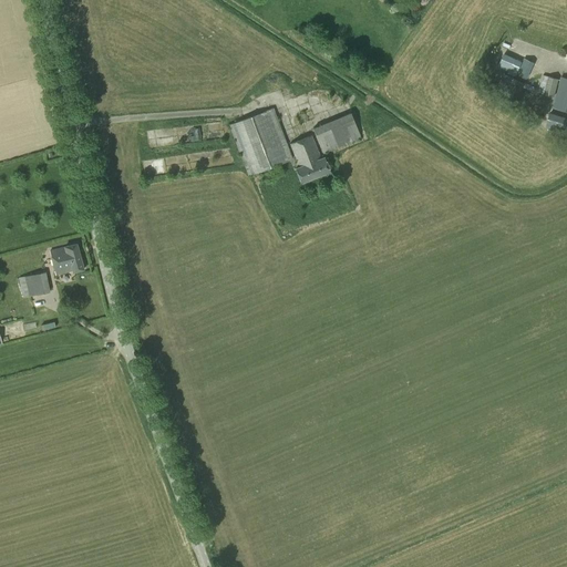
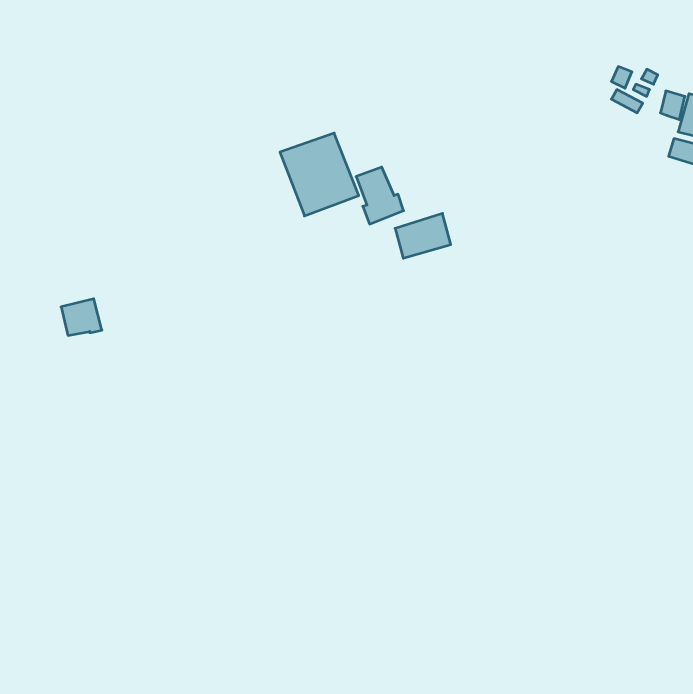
building: [320,112,365,148] -> [395,213,451,258]
building: [20,271,51,298] -> none

